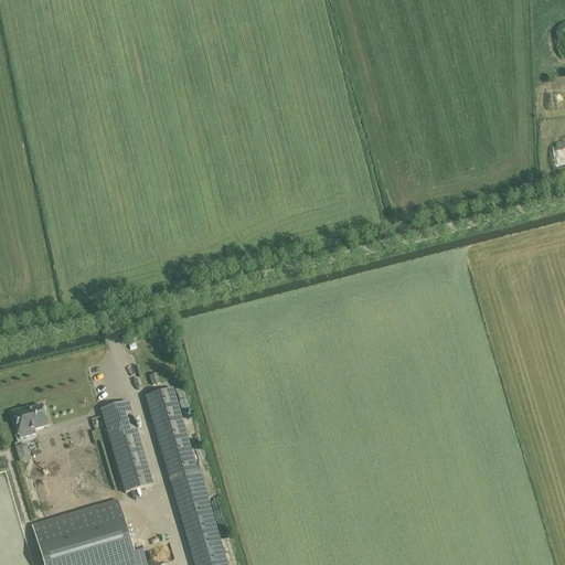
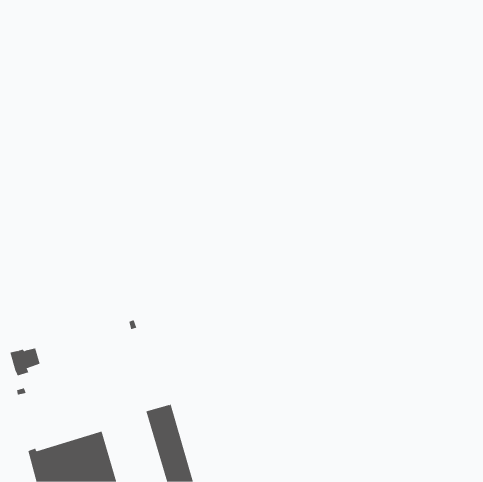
building: [146,388,198,480] -> none
building: [100,402,152,493] -> none

